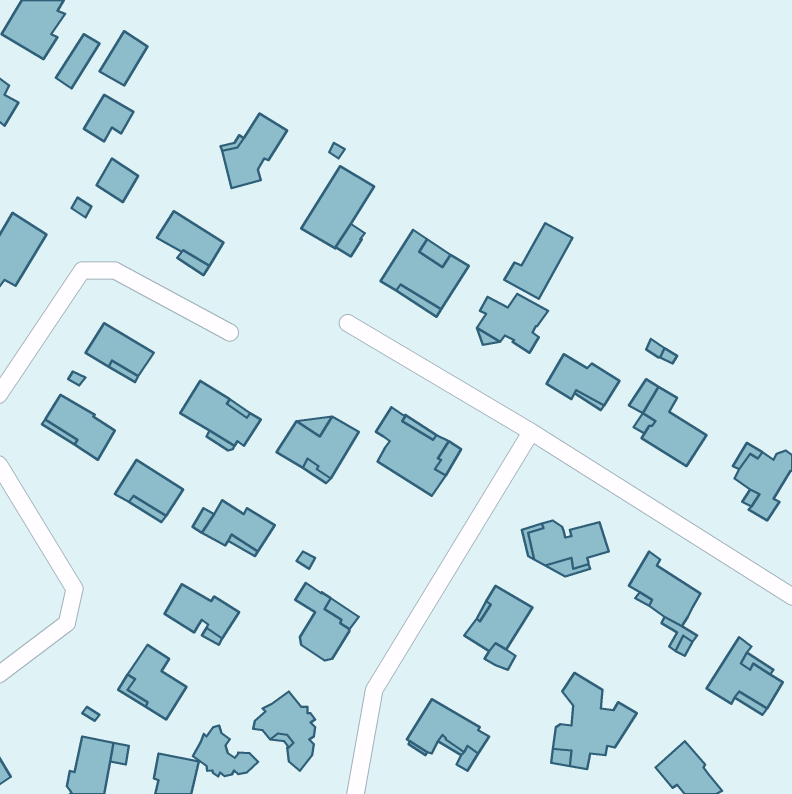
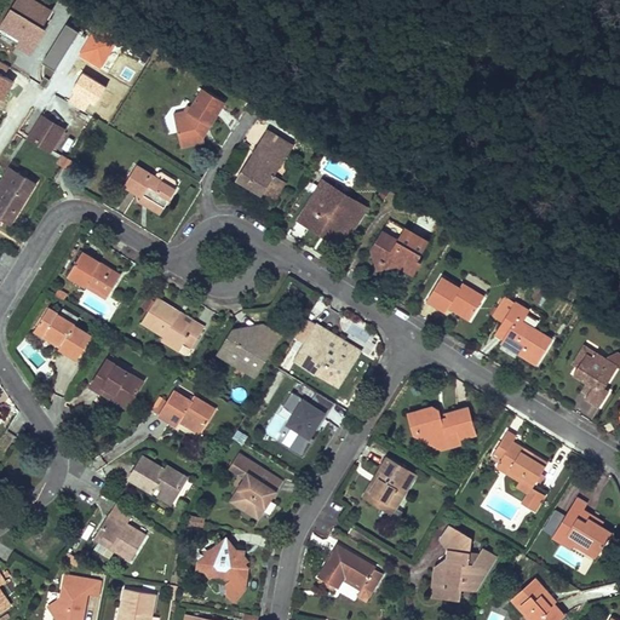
building: [96,159,138,202] -> [29,116,62,150]
building: [504,223,572,299] -> none
building: none -> [282,391,334,455]
building: [193,726,258,777] -> none

